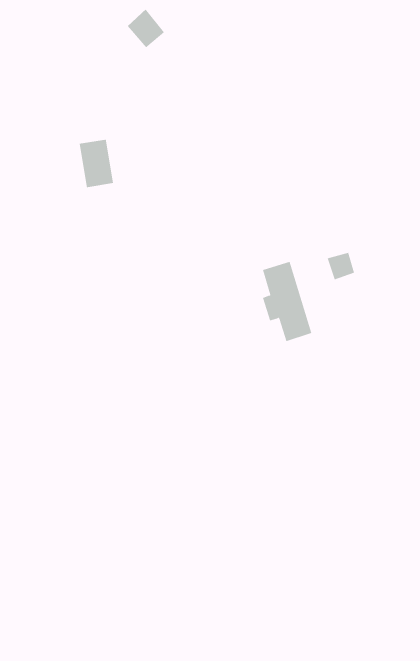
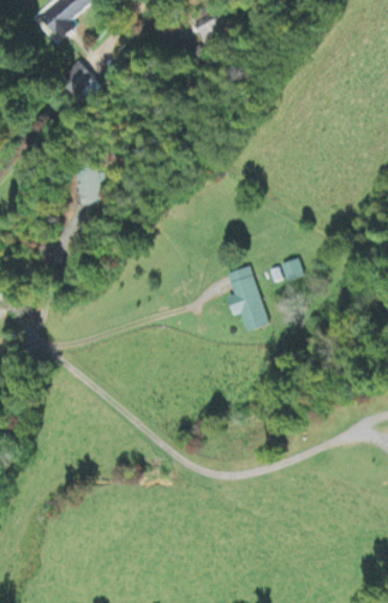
building: [127,9,165,48] -> [61,60,92,92]

